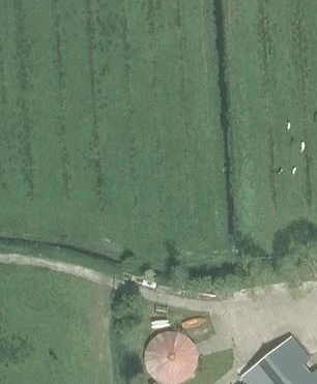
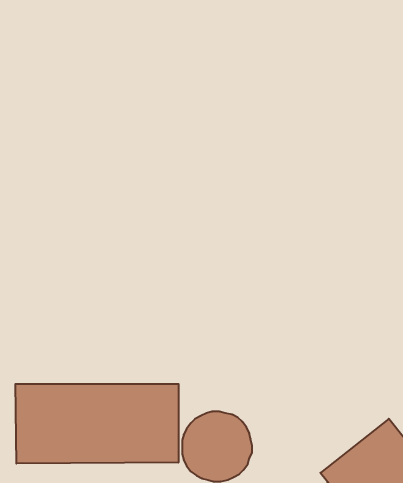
building: none -> [15,384,179,464]

